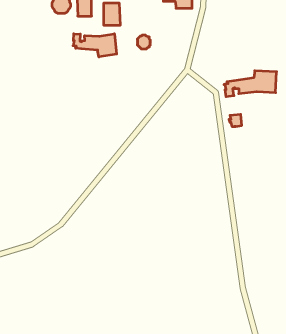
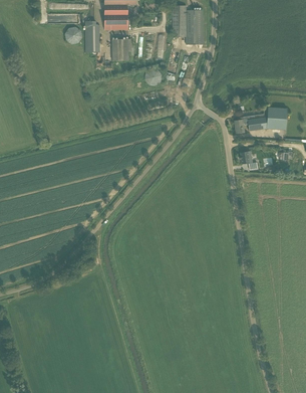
building: [73,34,117,57] -> none

